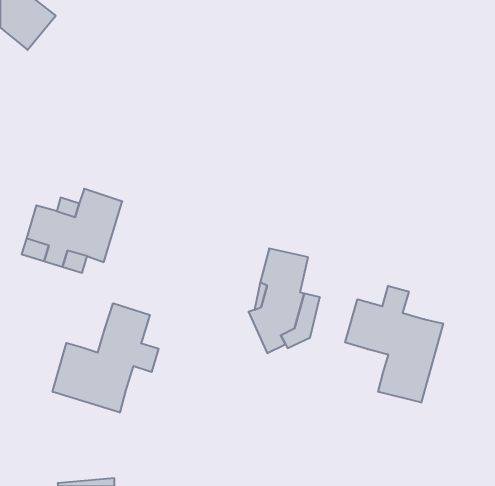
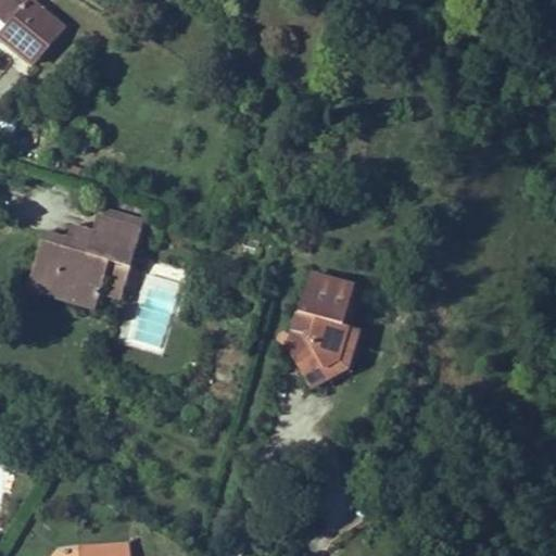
building: [345,286,443,403] -> none
building: [53,303,159,413] -> none

